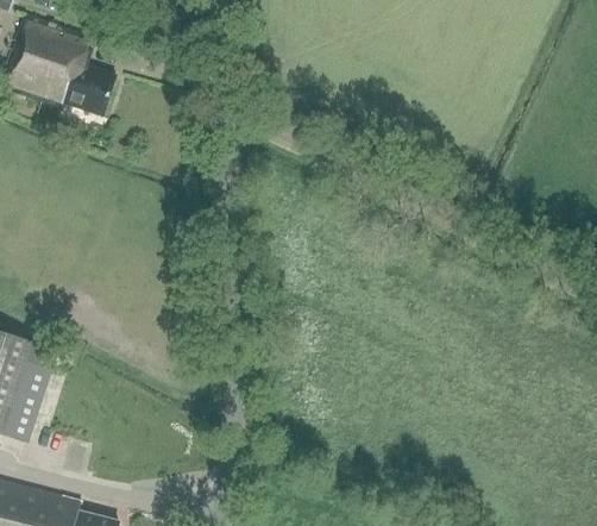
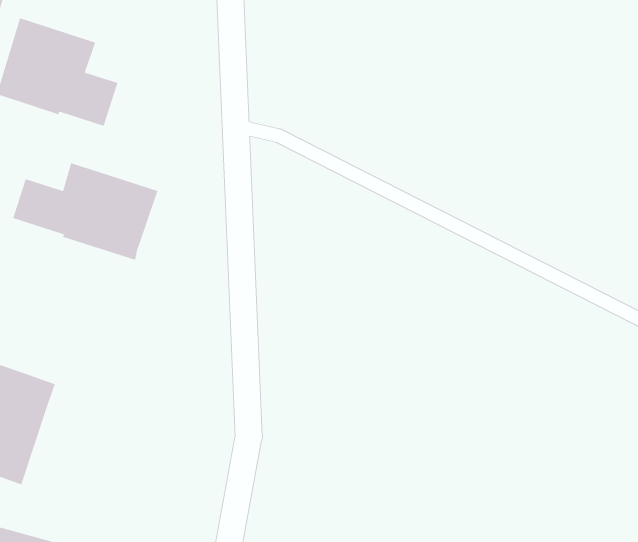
building: none -> [12,162,159,261]

